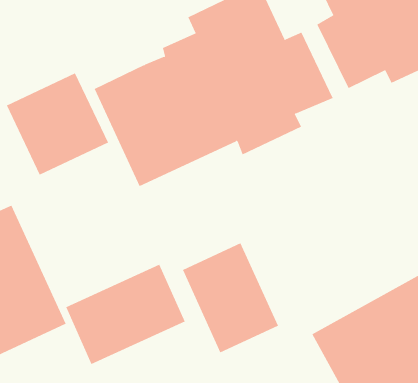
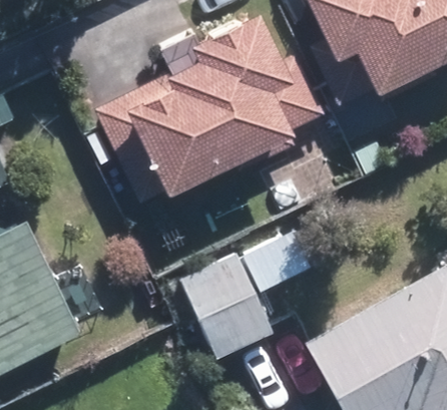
building: [6,73,109,176] -> none
building: [65,264,185,365] -> none

